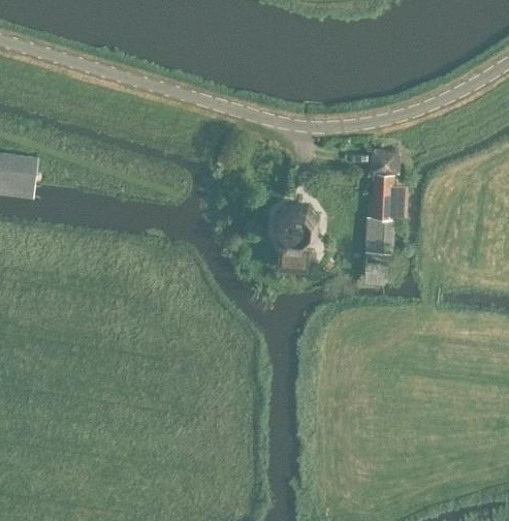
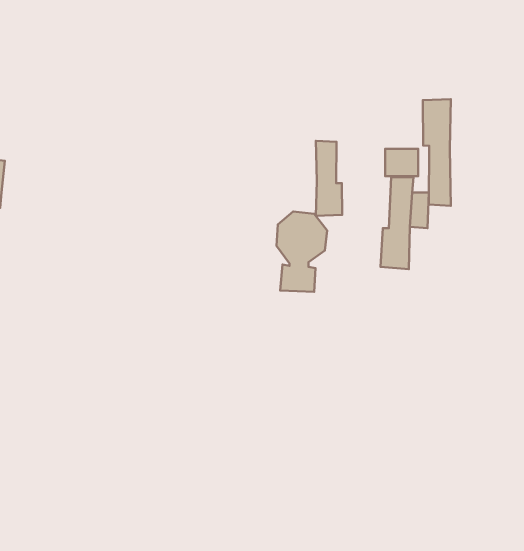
building: none -> [423,99,451,206]
building: none -> [316,141,342,216]

